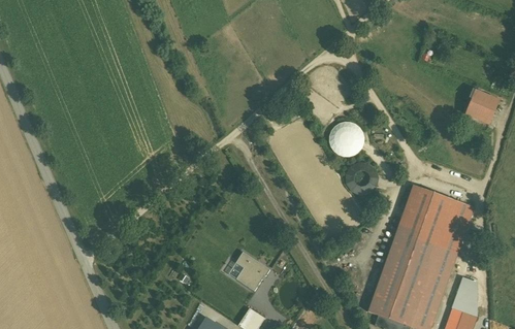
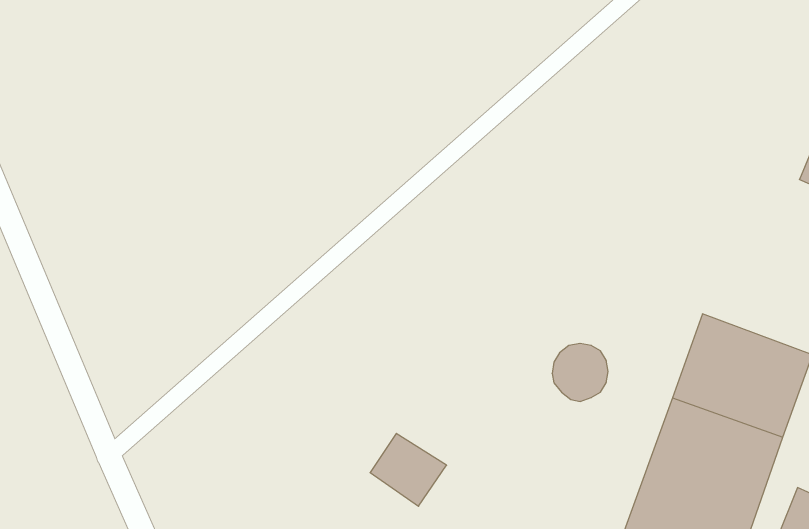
building: [329,122,363,156] -> none
building: [346,162,377,194] -> [552,343,608,401]

